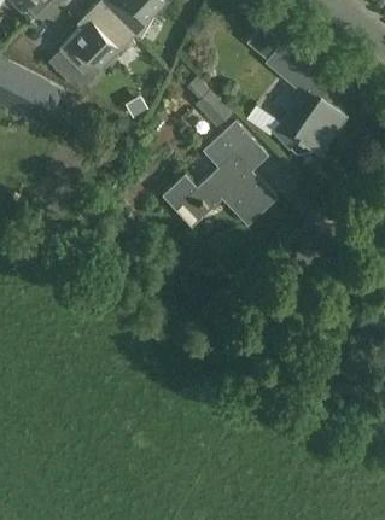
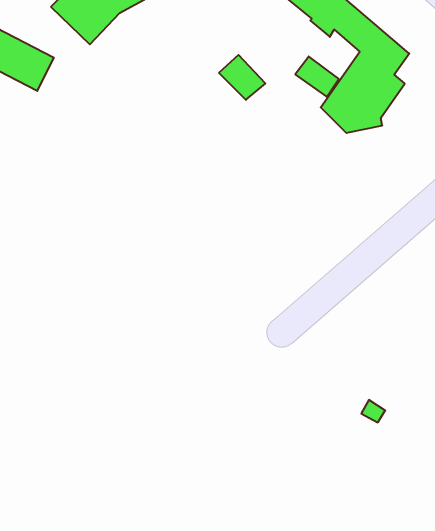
building: [162,118,276,228] -> none

